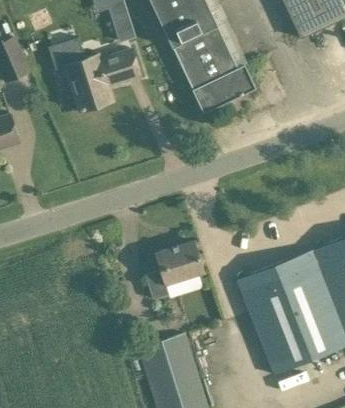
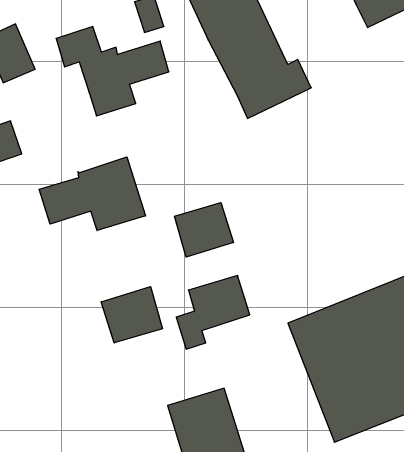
building: none -> [39,157,146,231]
building: none -> [174,203,233,257]
building: none -> [101,287,163,343]

